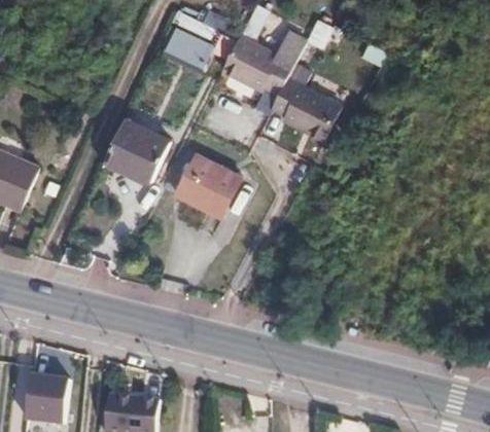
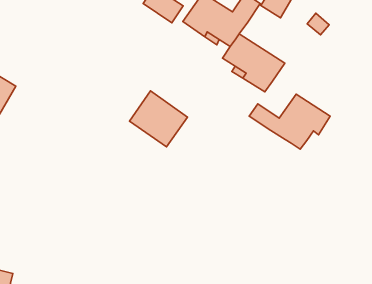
building: [104,123,171,186] -> none
building: none -> [249,94,330,149]

